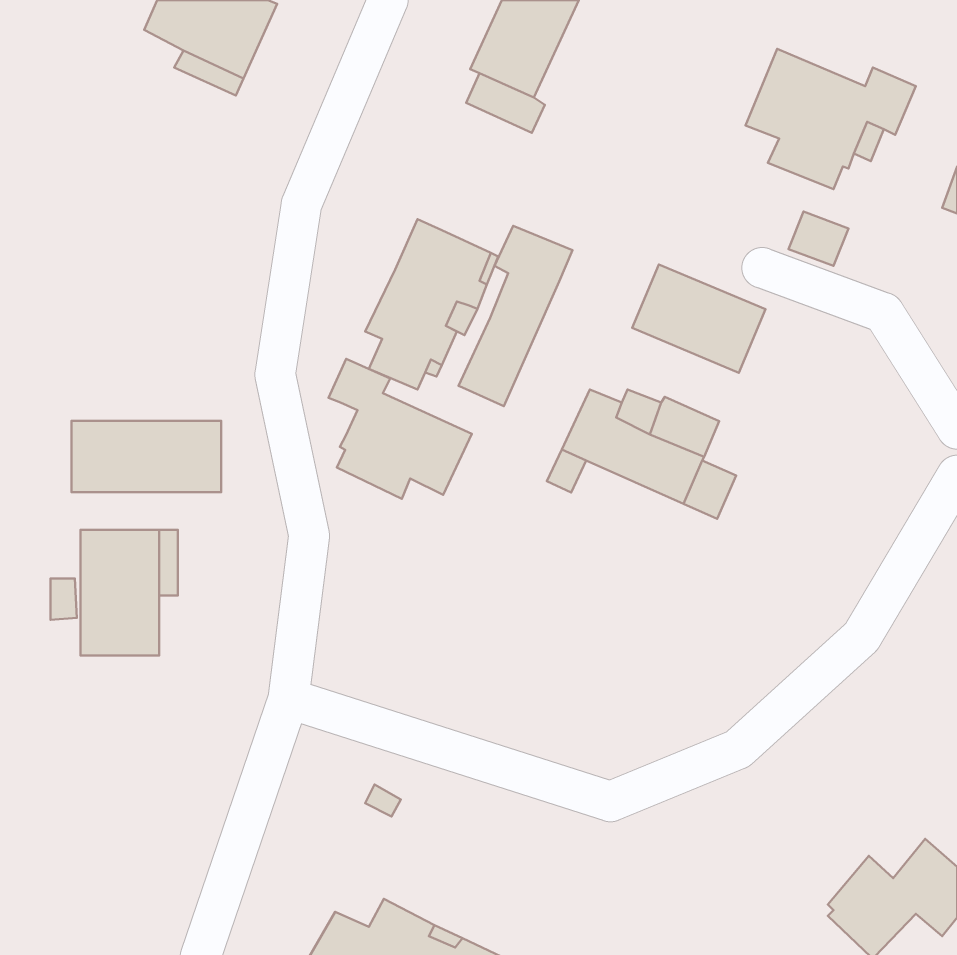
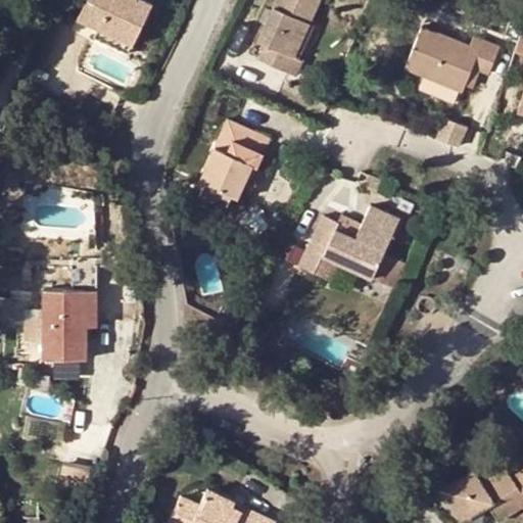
building: [459,226,573,406] -> none
building: [632,264,765,373] -> none
building: [329,359,472,499] -> none
building: [71,421,221,492] -> none

